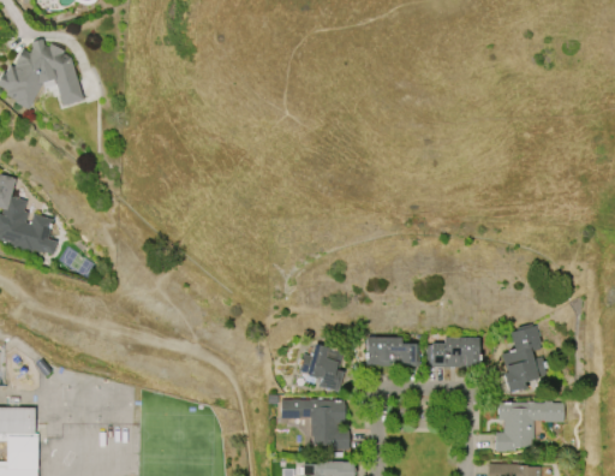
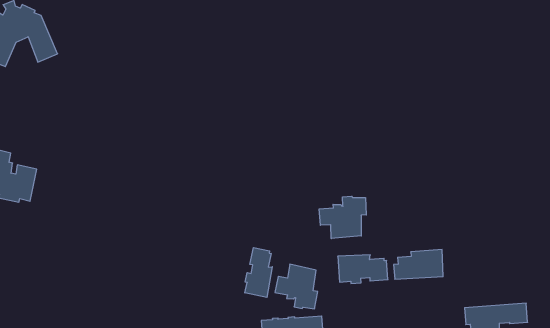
building: none -> [319,196,366,239]
building: none -> [245,248,272,297]
building: [504,325,548,392] -> none

